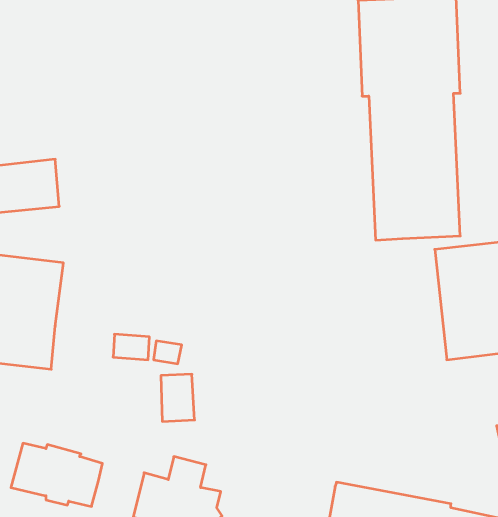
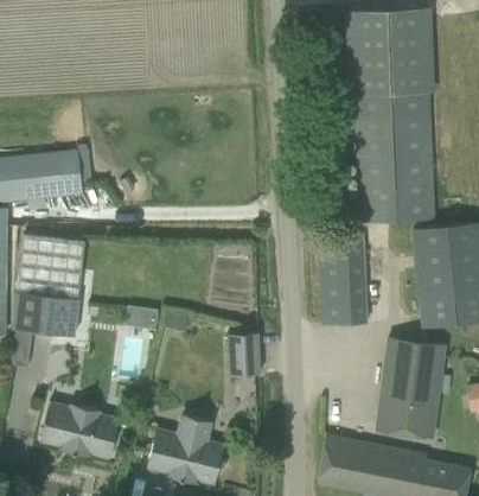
building: none -> [318,236,368,324]
building: none -> [375,337,447,440]
building: [161,374,195,421] -> [230,332,260,374]

